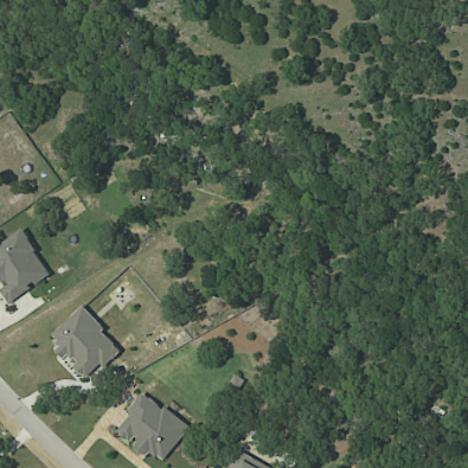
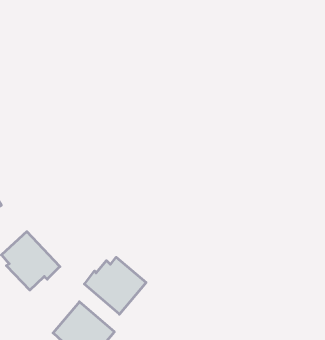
building: none -> [84,257,146,314]

